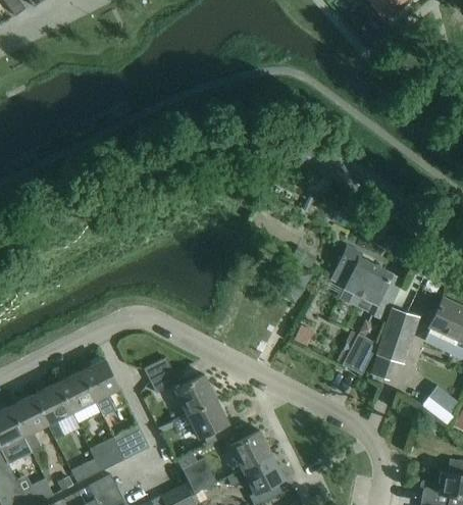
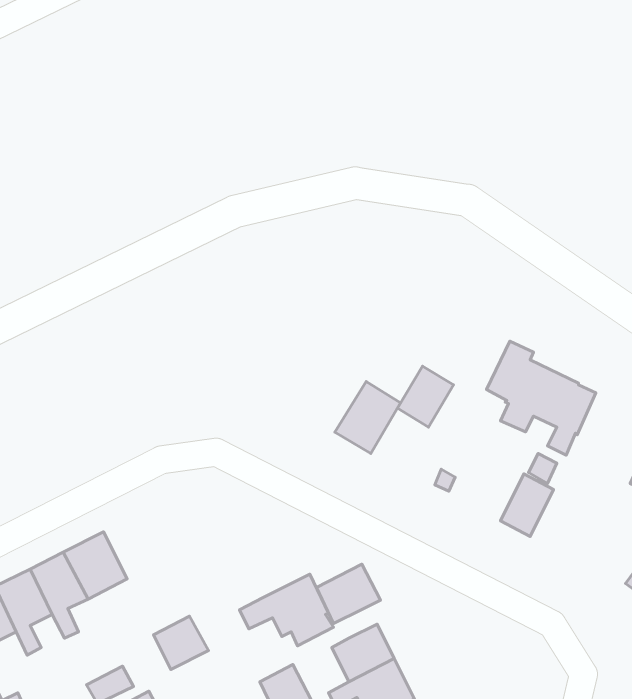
building: none -> [335,382,401,453]
building: [370,273,422,378] -> none
building: [144,358,178,394] -> none
building: [82,359,120,416] -> none
building: [174,374,216,413] -> [316,564,380,623]
building: [90,438,125,472] -> none

